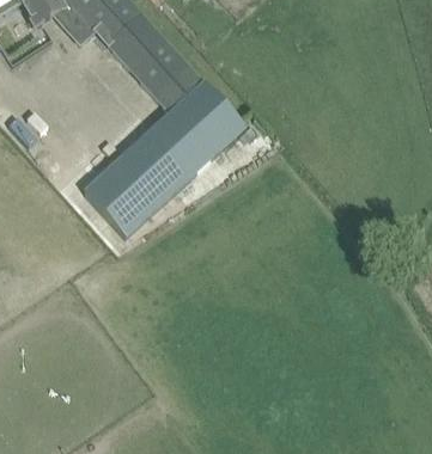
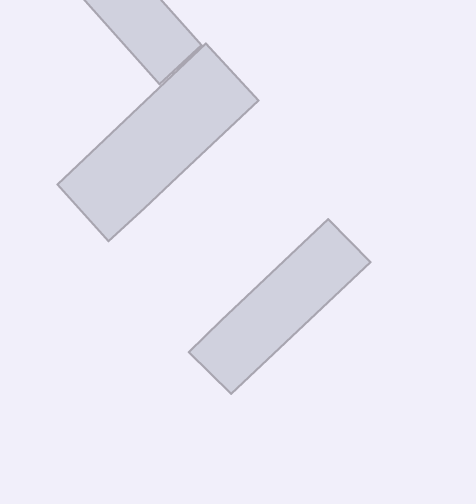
building: none -> [189,219,370,394]

